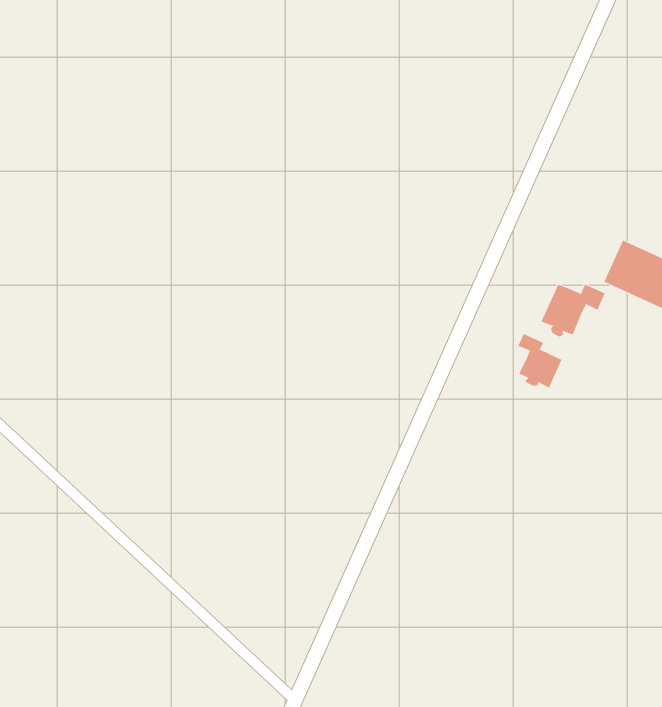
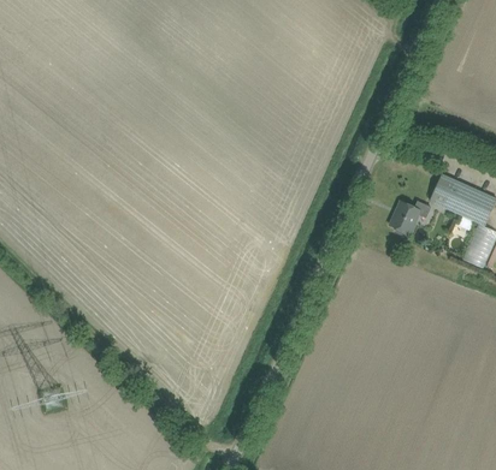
building: [518,333,562,389] -> none

